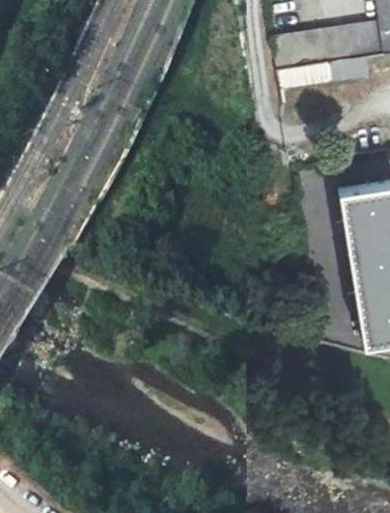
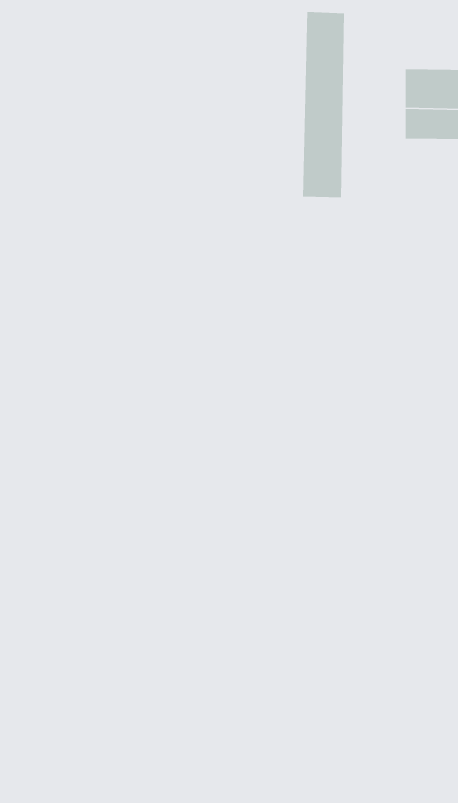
building: none -> [302,11,345,198]

